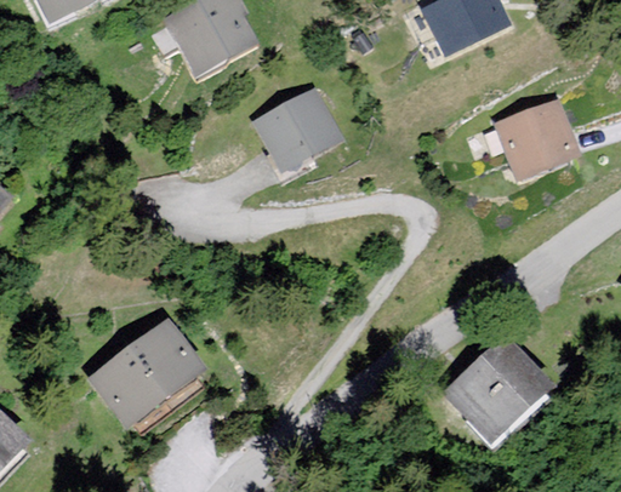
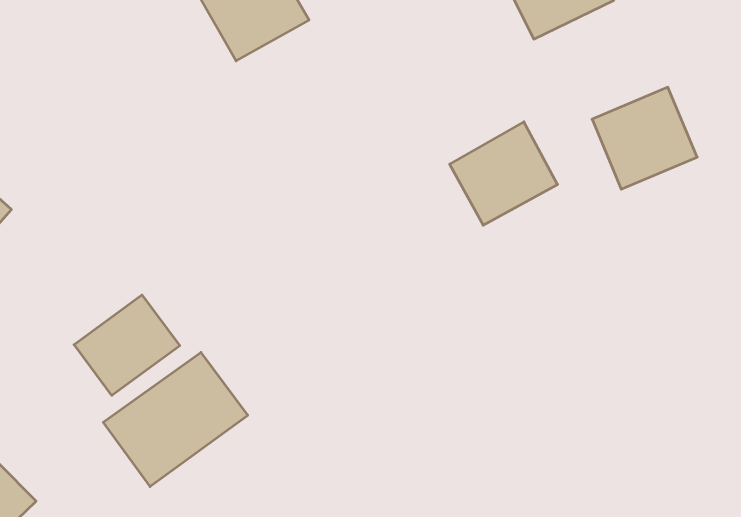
building: [253,86,343,172] -> [450,122,558,225]
building: none -> [74,295,180,395]
building: [441,334,551,444] -> none

